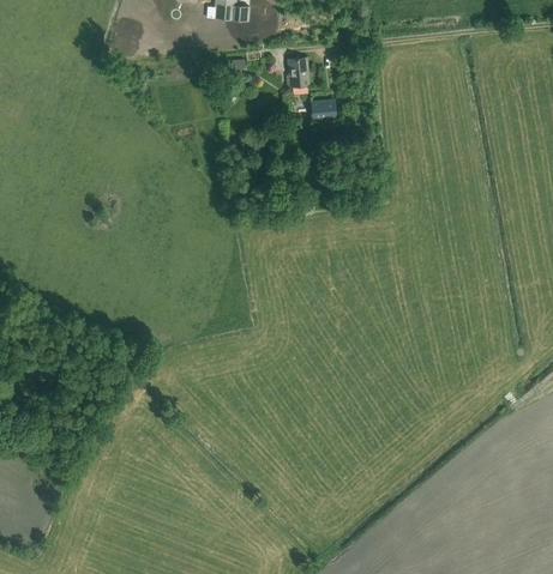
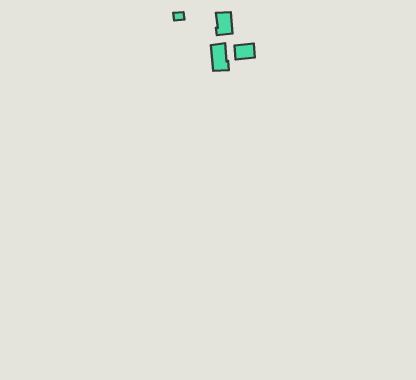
building: none -> [211,43,229,71]

